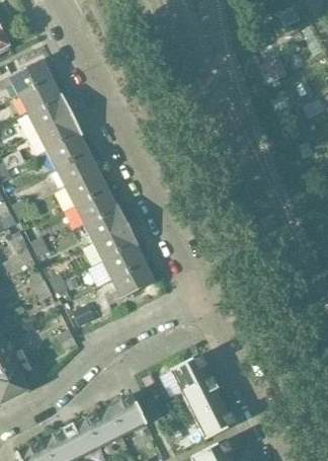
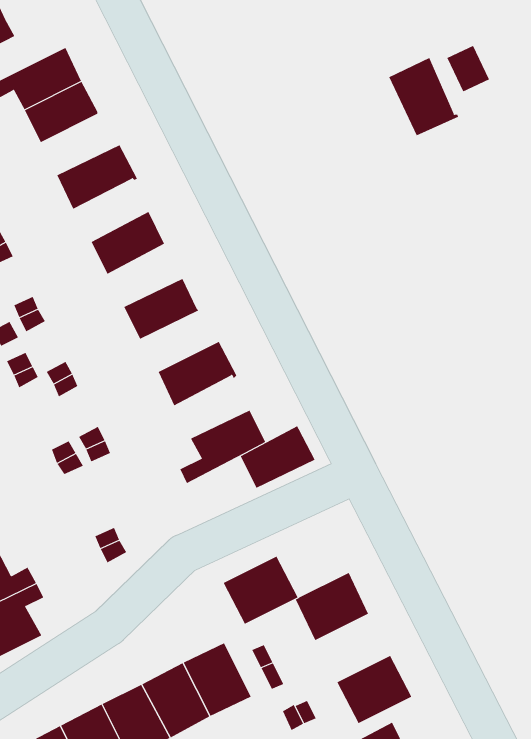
building: none -> [388,57,459,136]
building: [27,95,72,132] -> none
building: [46,134,88,169] -> none
building: [65,170,107,206] -> none
building: [83,206,128,242] -> none
building: [102,244,145,280] -> [240,425,316,489]
building: [181,378,224,416] -> [223,556,299,624]

